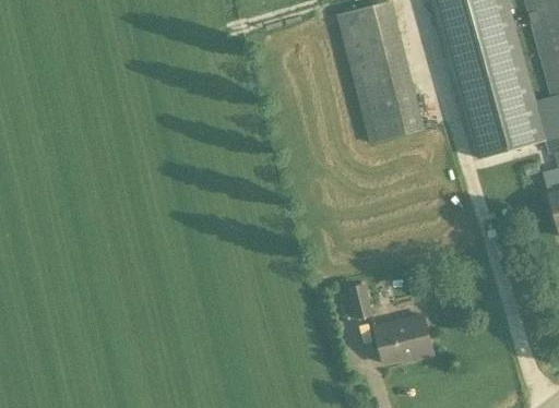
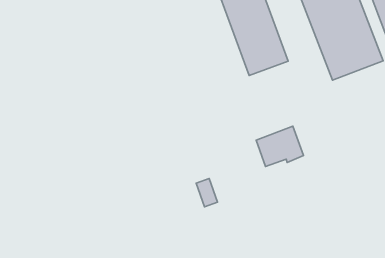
building: [348,283,373,319] -> [196,178,218,207]
building: [373,313,432,361] -> [256,126,303,166]

